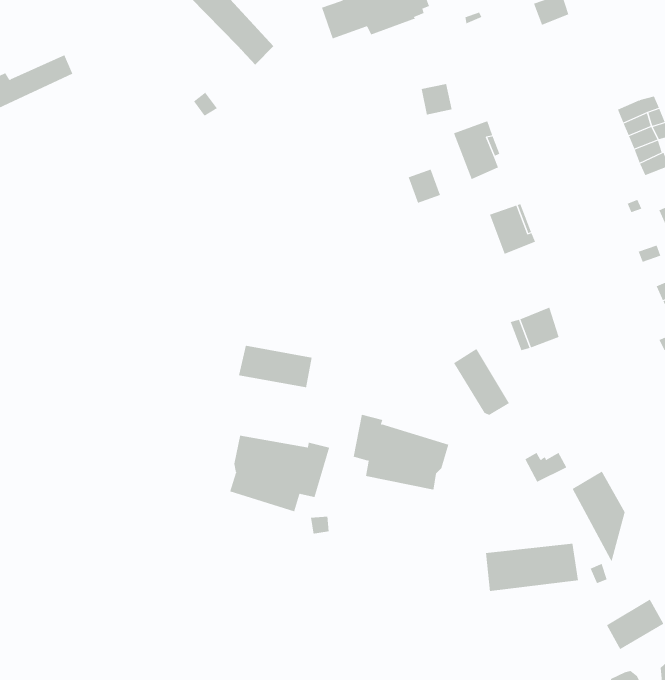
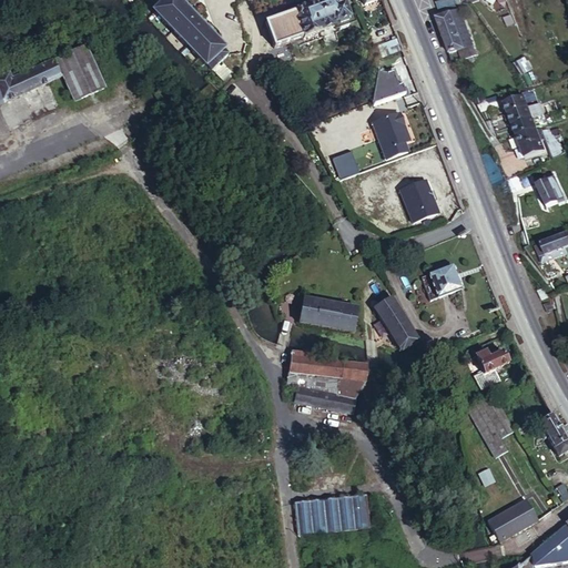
building: none -> [442,26,476,65]
building: none -> [59,48,106,103]
building: [421,83,452,115] -> [377,73,403,99]
building: [238,345,312,388] -> [295,296,355,331]
building: [229,435,330,512] -> none
building: [524,452,567,483] -> [471,348,506,373]
building: [485,543,579,591] -> [301,491,376,530]

